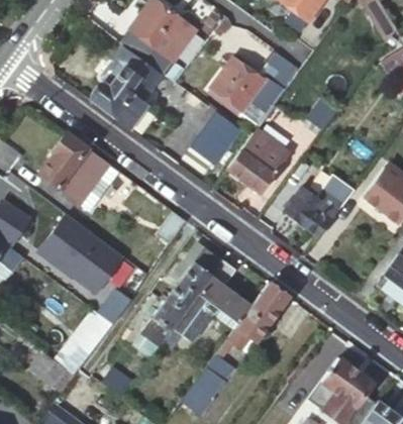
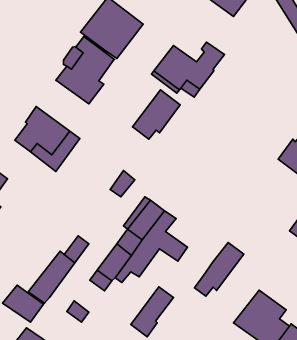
building: [226,127,289,194] -> none
building: [285,181,352,237] -> none
building: [39,215,124,294] -> none
building: [228,282,289,347] -> [194,243,244,296]

